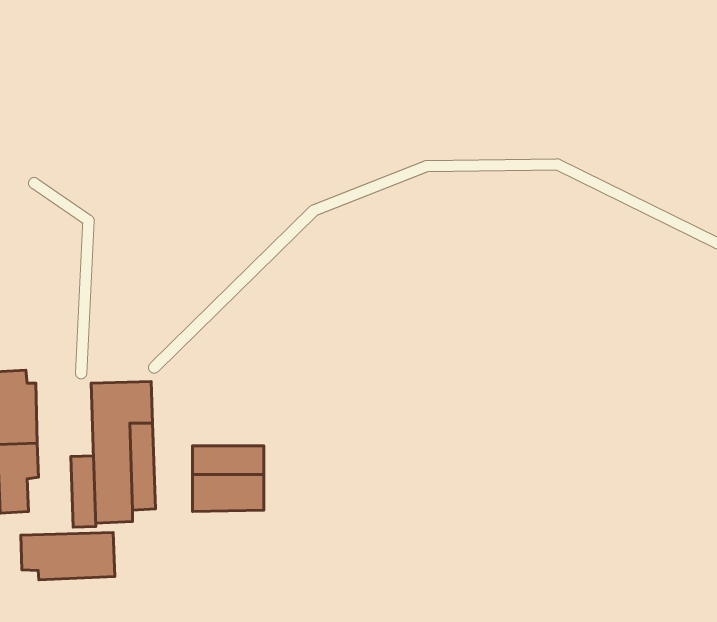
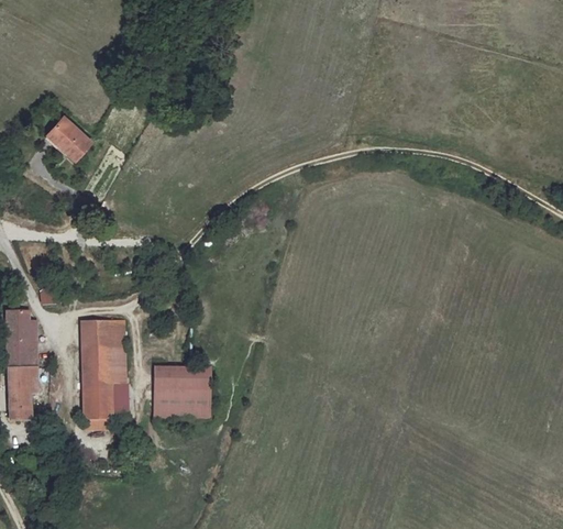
building: none -> [46,109,96,154]
building: [71,456,96,527] -> none
building: [21,532,115,580] -> none

